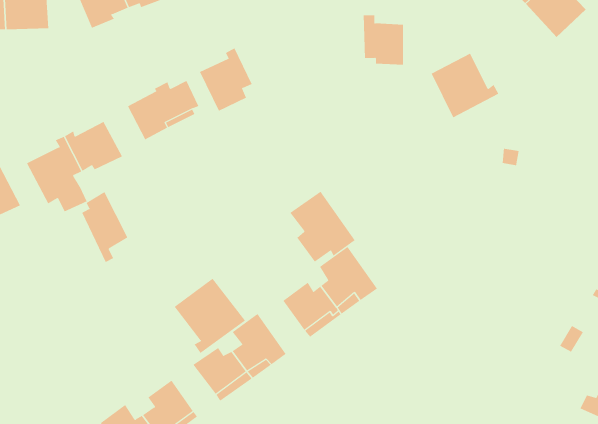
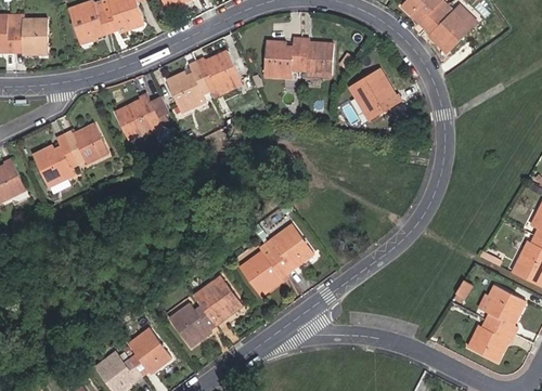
building: none -> [261,36,299,79]
building: none -> [196,52,245,94]
building: [290,191,356,263] -> none
building: [81,191,128,263] -> none
building: [174,278,246,354] -> none

